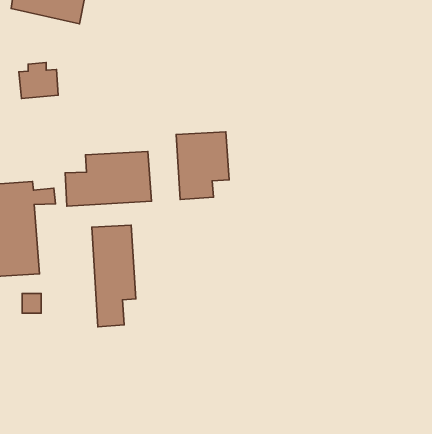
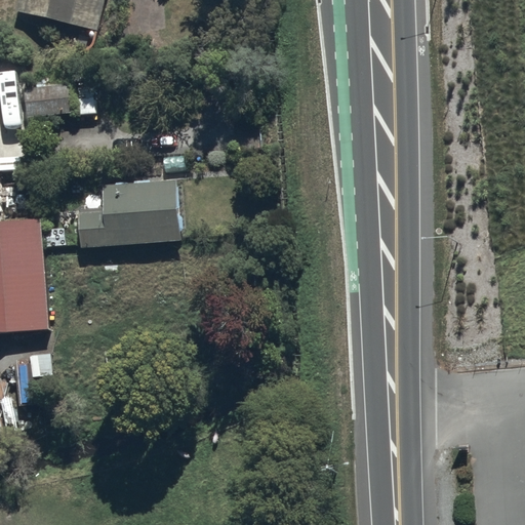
building: [176,132,229,200] -> none
building: [92,225,136,327] -> none

